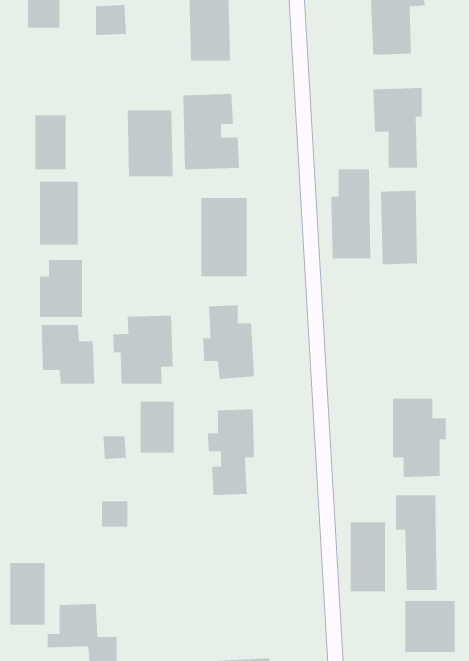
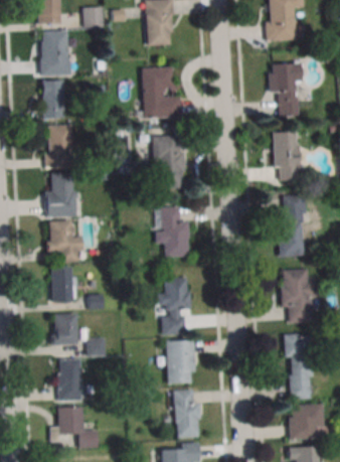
building: [127,109,174,177] -> [40,30,71,75]
building: [330,169,371,259] -> [279,195,306,256]
building: [112,315,174,384] -> none
building: [140,401,174,454] -> [52,267,75,302]
building: none -> [52,314,78,344]
building: none -> [166,340,196,382]
building: [350,521,386,592] -> [175,390,199,437]
building: [9,562,46,625] -> [57,358,81,401]

